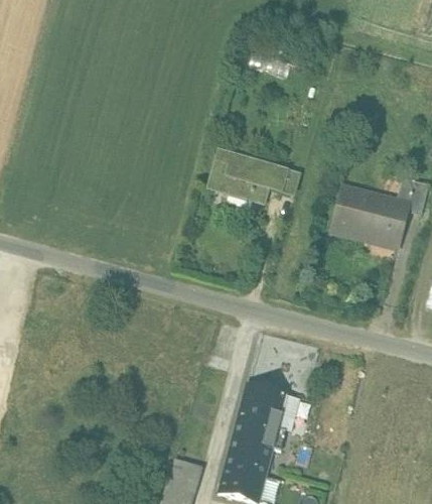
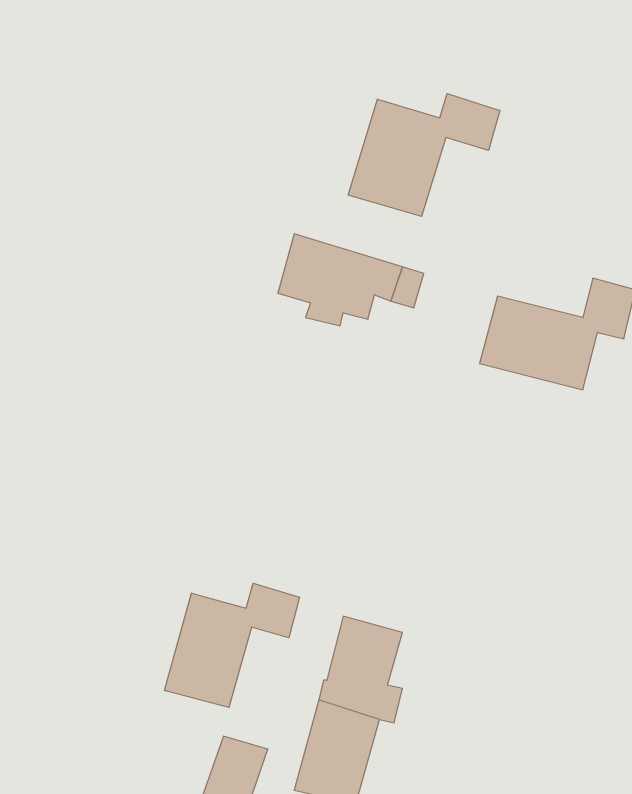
building: none -> [348,94,500,216]
building: none -> [165,583,299,708]

